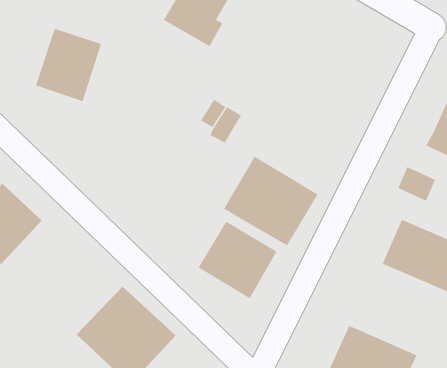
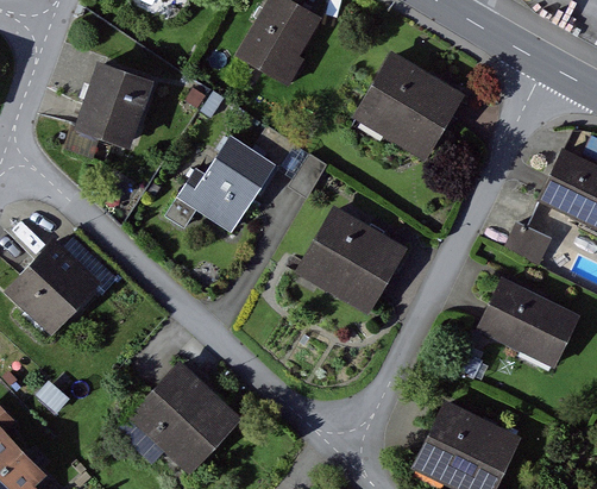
building: none -> [351,54,459,161]
building: none -> [162,134,272,232]
building: [198,221,277,299] -> none

